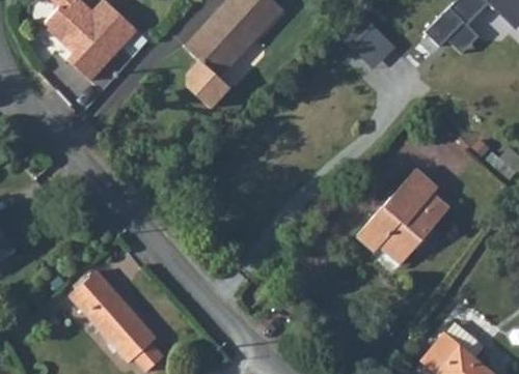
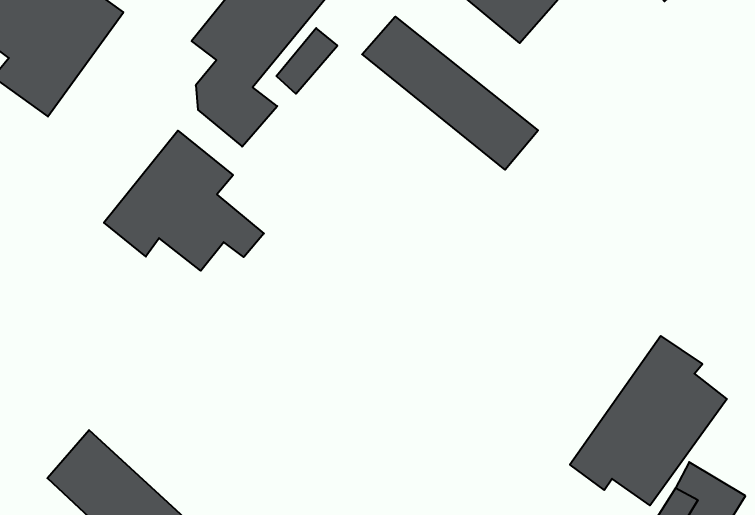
building: none -> [362,17,538,170]
building: none -> [104,131,264,271]
building: [352,169,447,267] -> [570,336,727,505]

